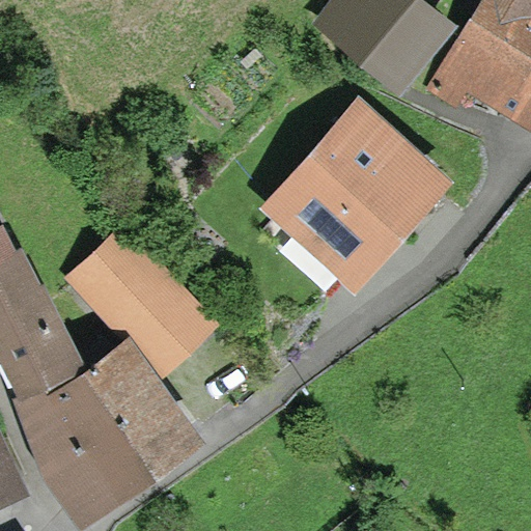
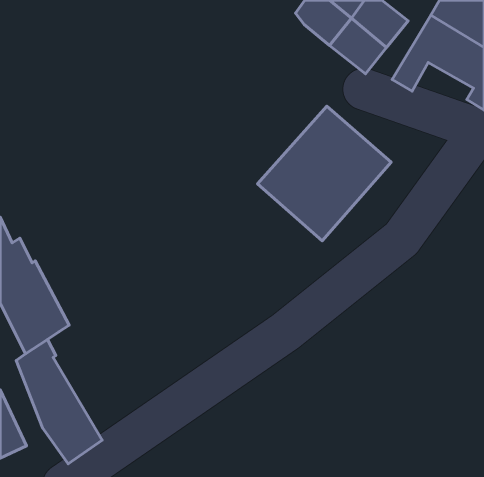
building: [80,246,202,368] -> none
building: [52,343,181,490] -> none

